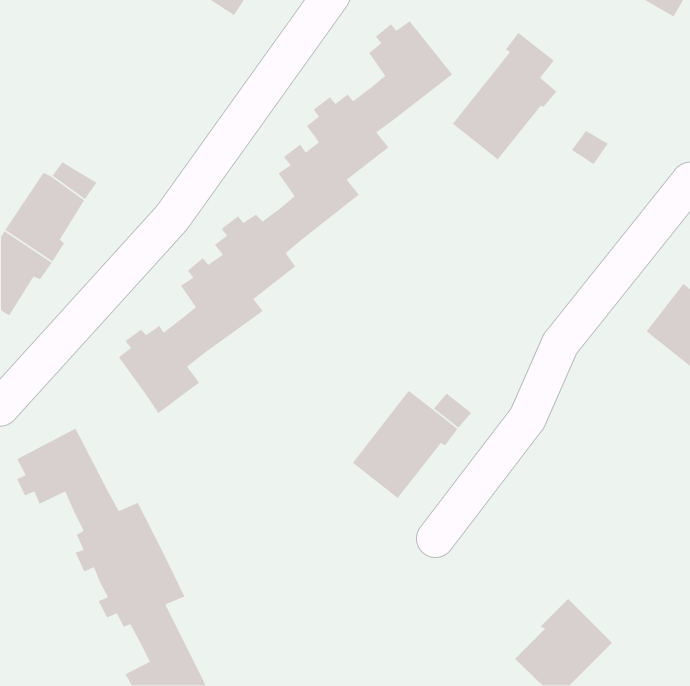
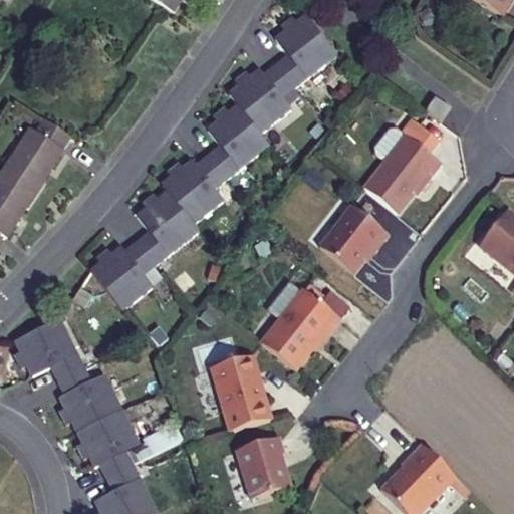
building: [452,32,557,160] -> [364,118,443,214]
building: none -> [320,204,390,273]
building: none -> [213,356,273,431]
building: none -> [238,437,291,499]

